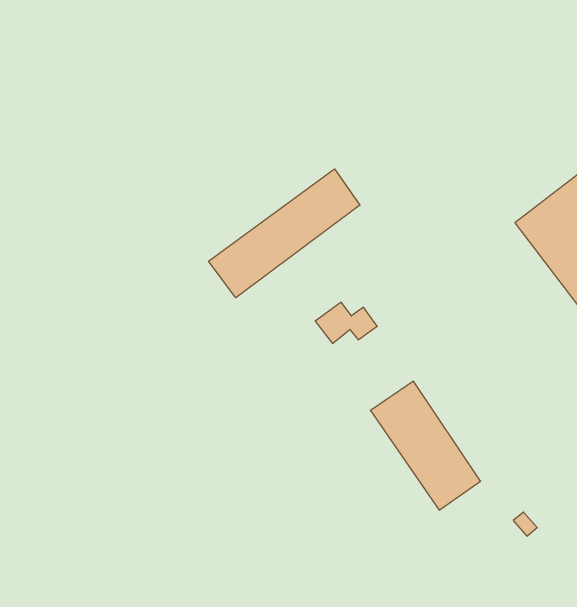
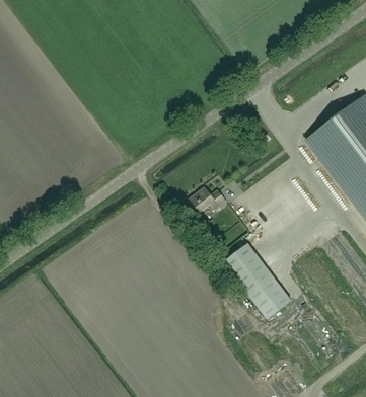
building: [208,169,360,298] -> none

